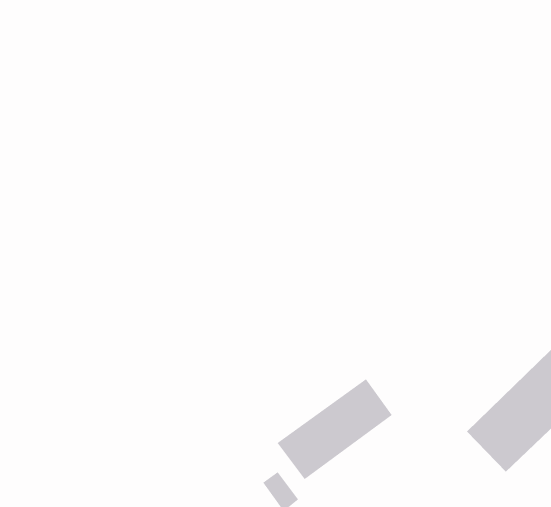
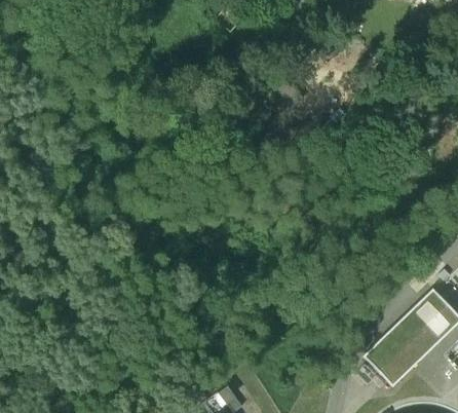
building: [277,378,393,480] -> none

